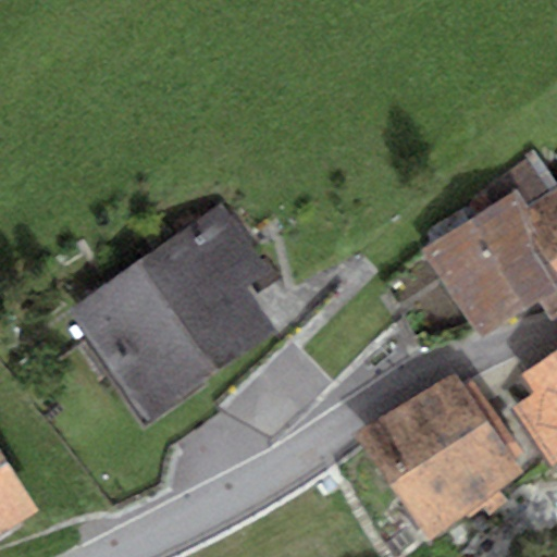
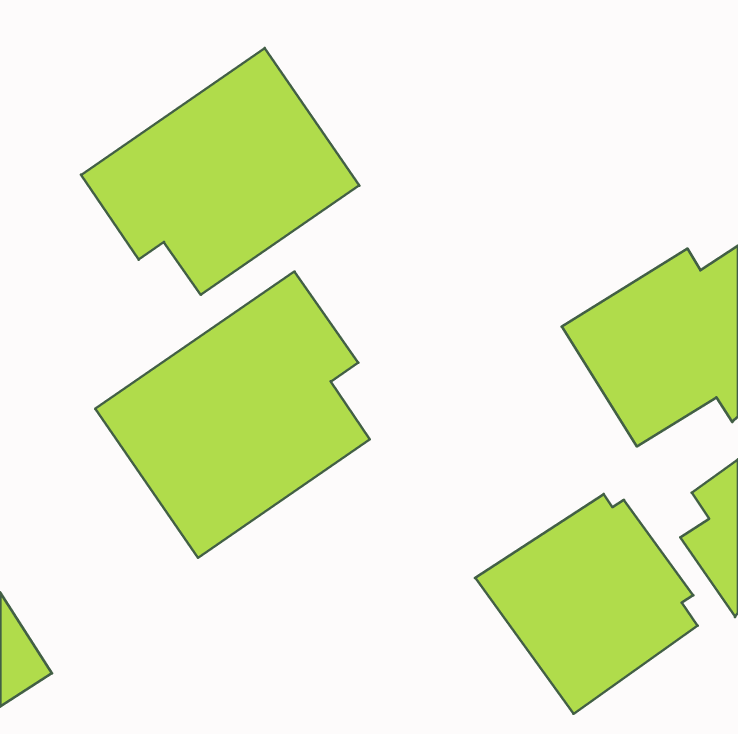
building: none -> [81,48,359,295]

